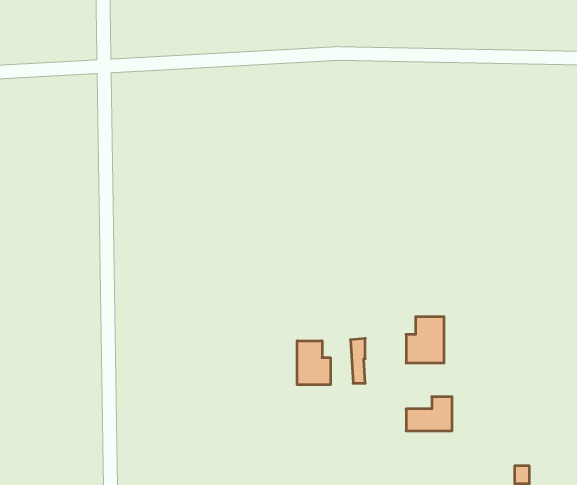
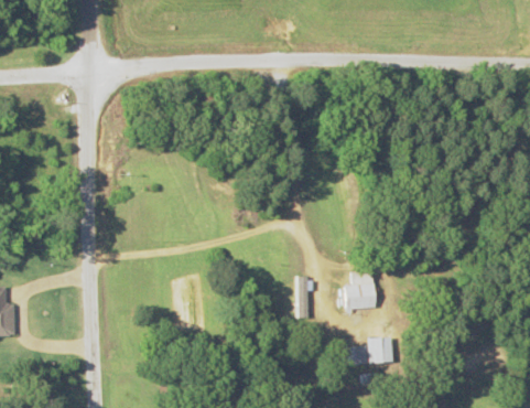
building: [297,341,330,385] -> none

